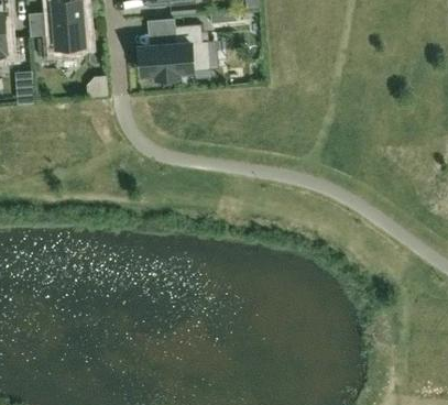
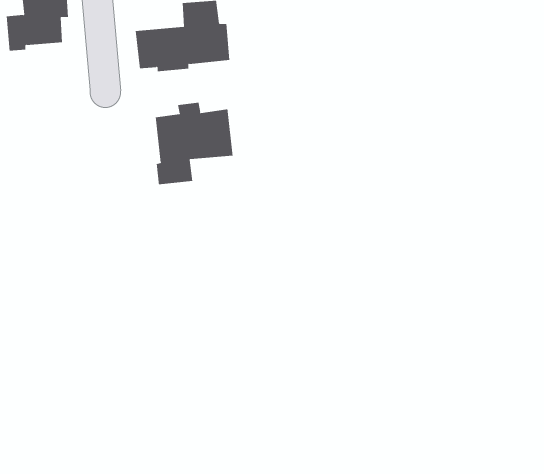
building: none -> [155,102,233,185]

